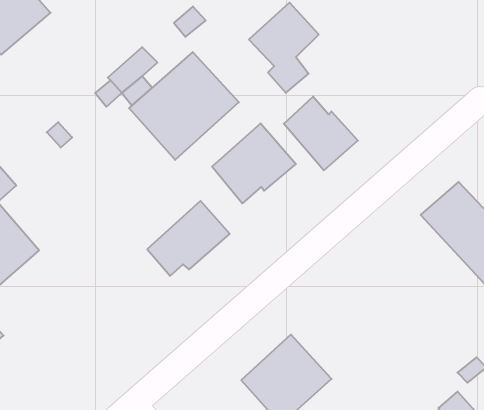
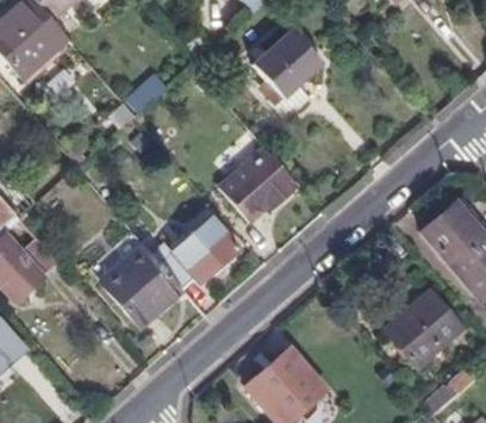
building: [129,52,239,160] -> none
building: [284,96,358,170] -> none
building: none -> [101,248,181,328]
building: none -> [382,287,465,366]

